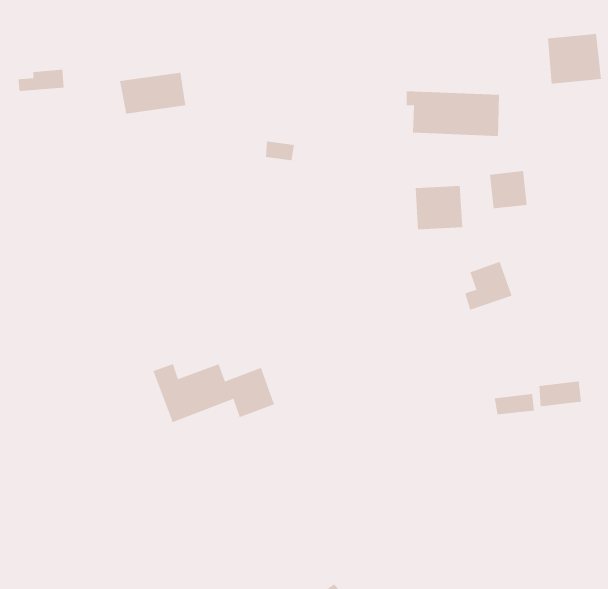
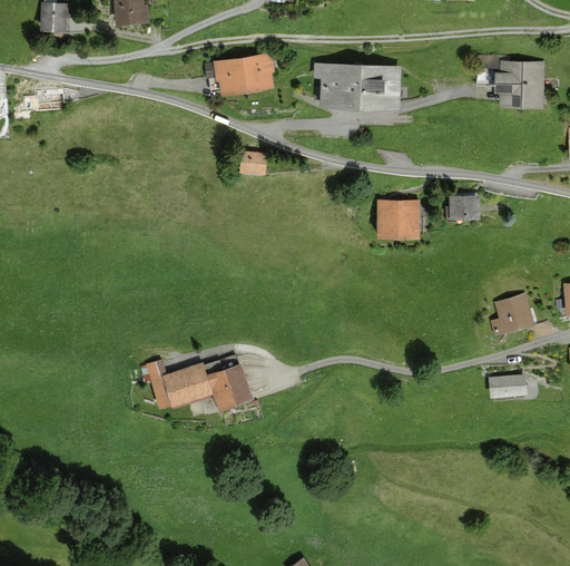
building: [119,72,186,114] -> [207,55,267,92]
building: [406,91,500,137] -> [308,65,393,106]
building: [464,261,513,311] -> [490,294,533,339]
building: [494,393,535,415] -> none

